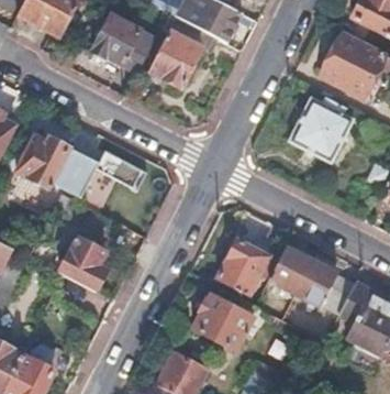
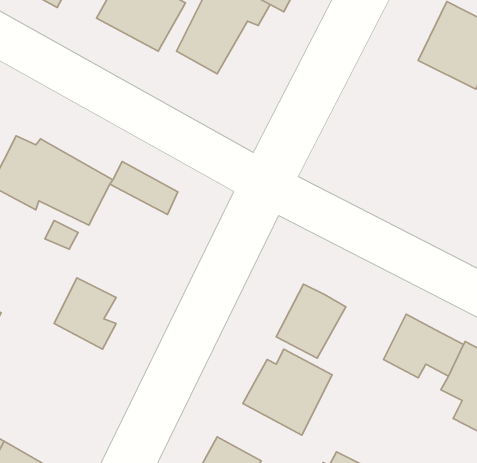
building: [289,98,353,163] -> none
building: [269,248,313,295] -> none

